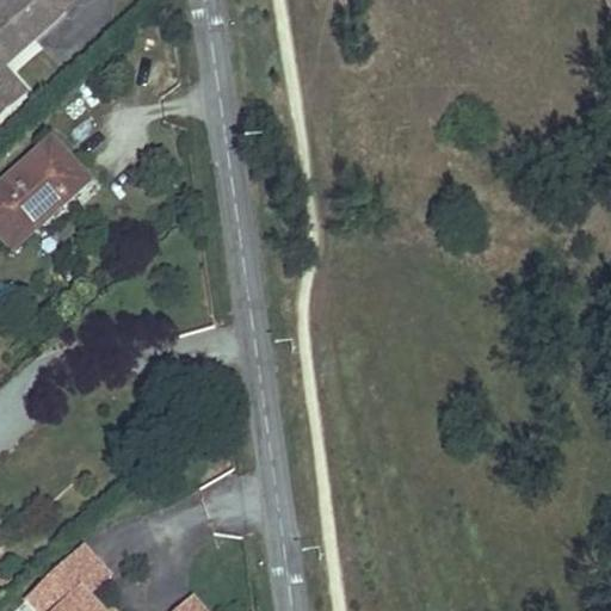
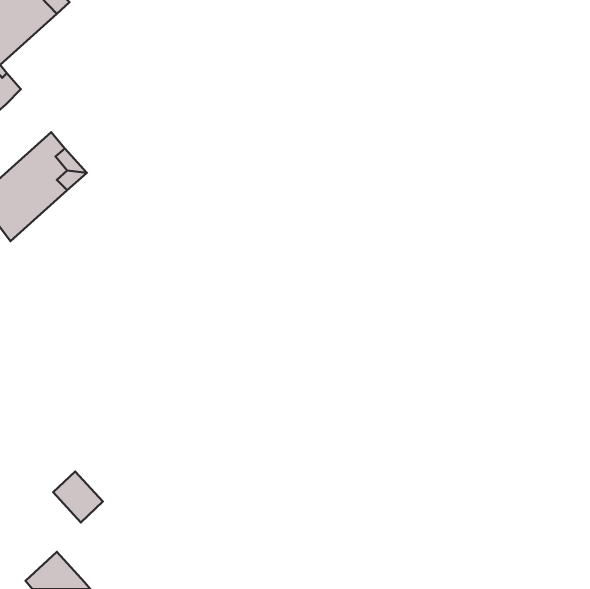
building: [58,547,110,599] -> [53,471,103,522]

